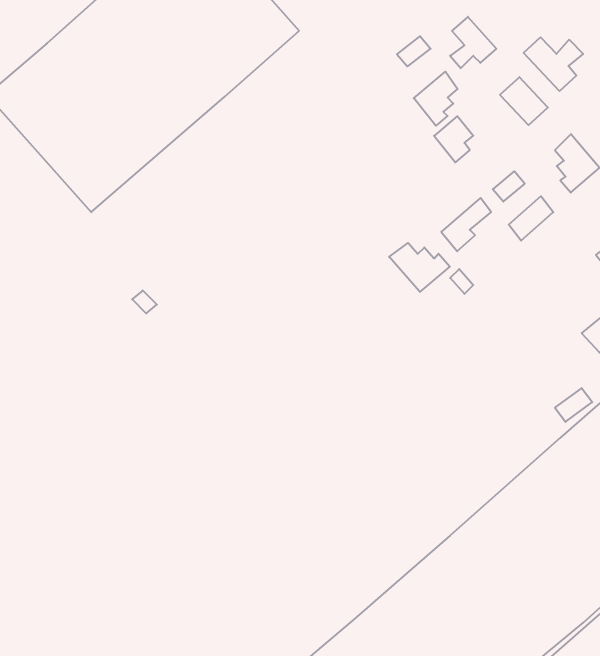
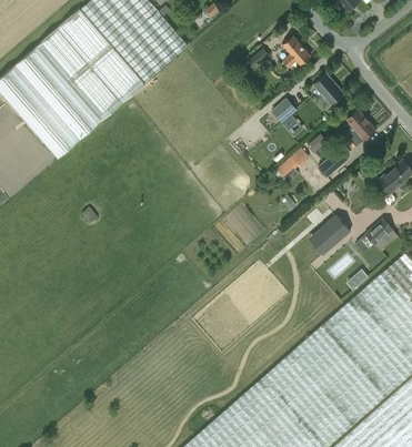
building: [524,37,583,91] -> none
building: [414,72,458,126] -> none
building: [389,243,450,292] -> none
building: none -> [310,214,351,250]

